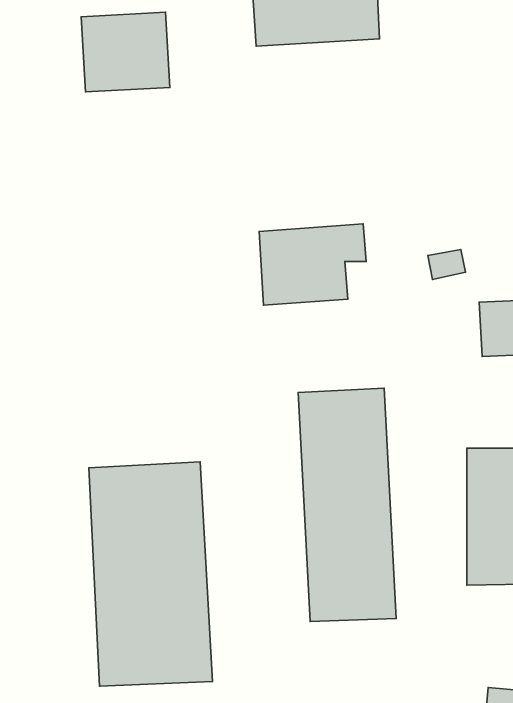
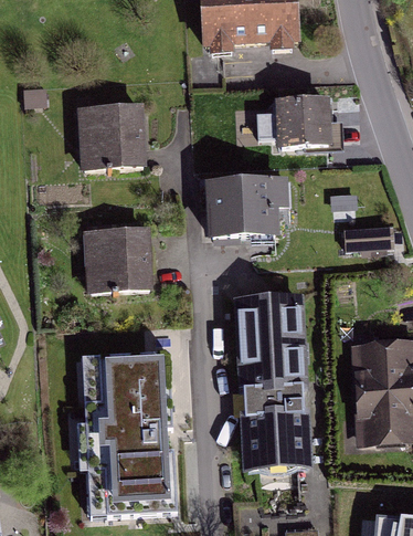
building: [81,12,170,92] -> [76,104,141,162]
building: none -> [274,94,328,145]
building: none -> [85,228,148,286]

